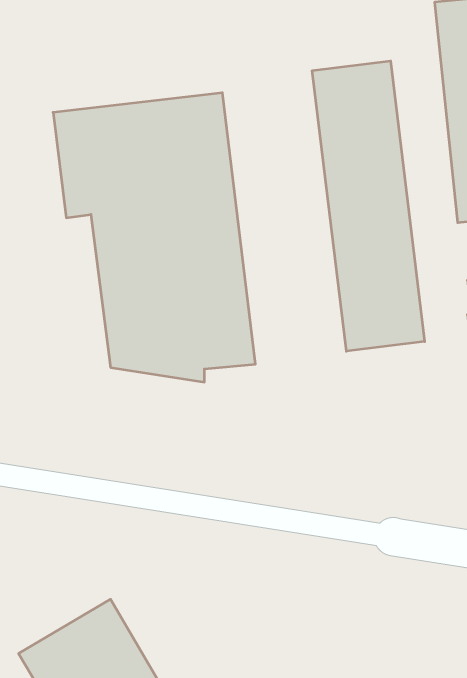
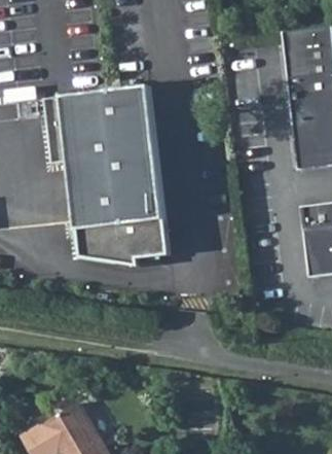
building: [312,61,425,351] -> none

